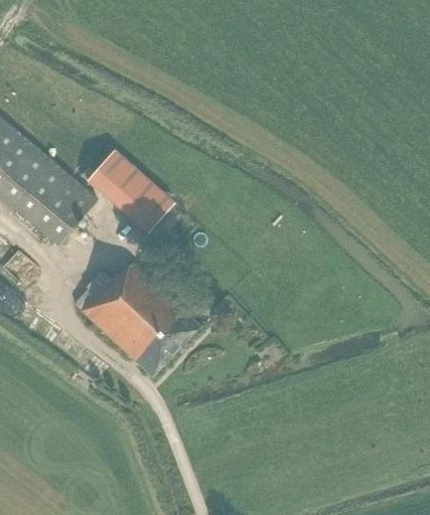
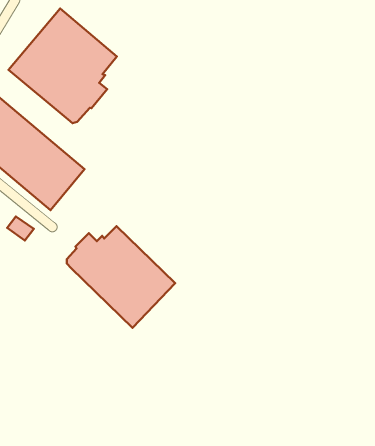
building: none -> [8,9,117,123]
building: [86,150,174,234] -> none

